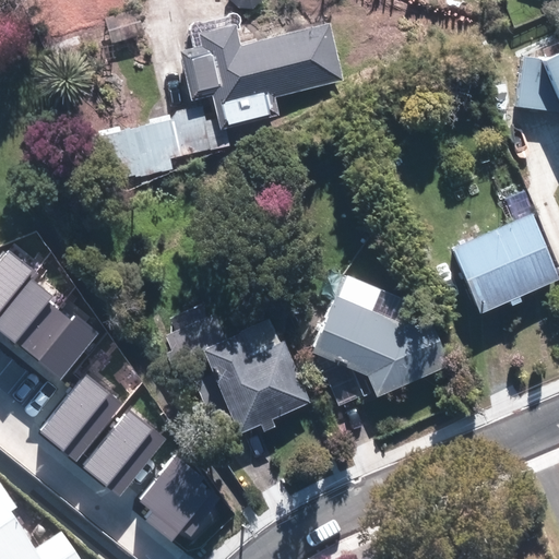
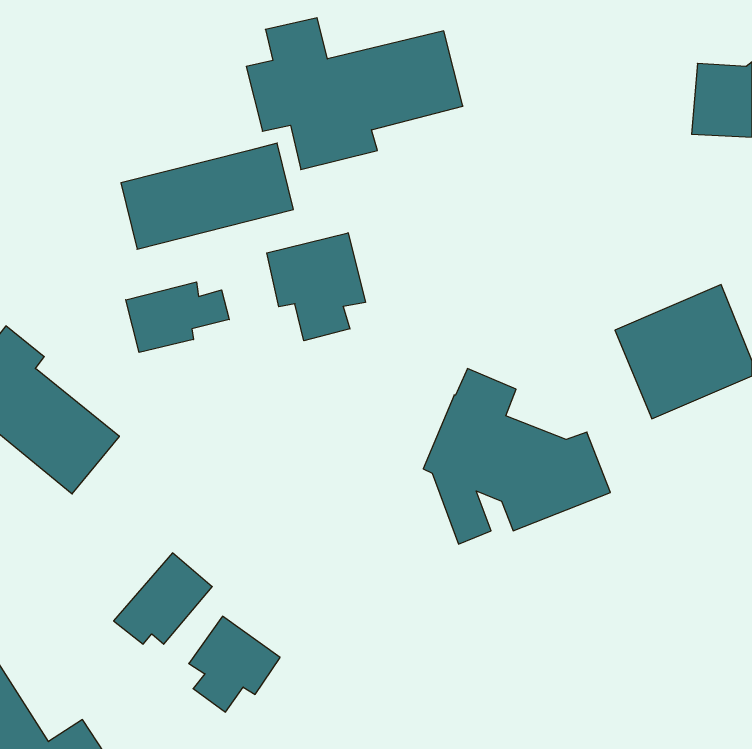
building: none -> [267,233,365,341]
building: none -> [126,282,229,352]
building: [205,334,310,432] -> none
building: [38,376,111,444] -> none

